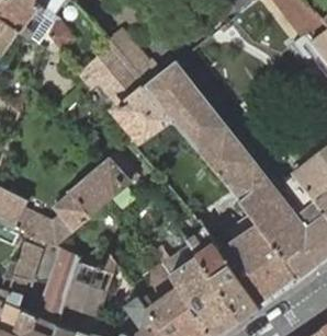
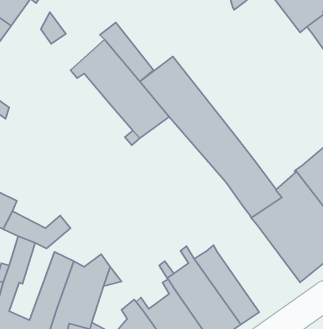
building: [58,162,127,227] -> none
building: [218,221,298,308] -> none

